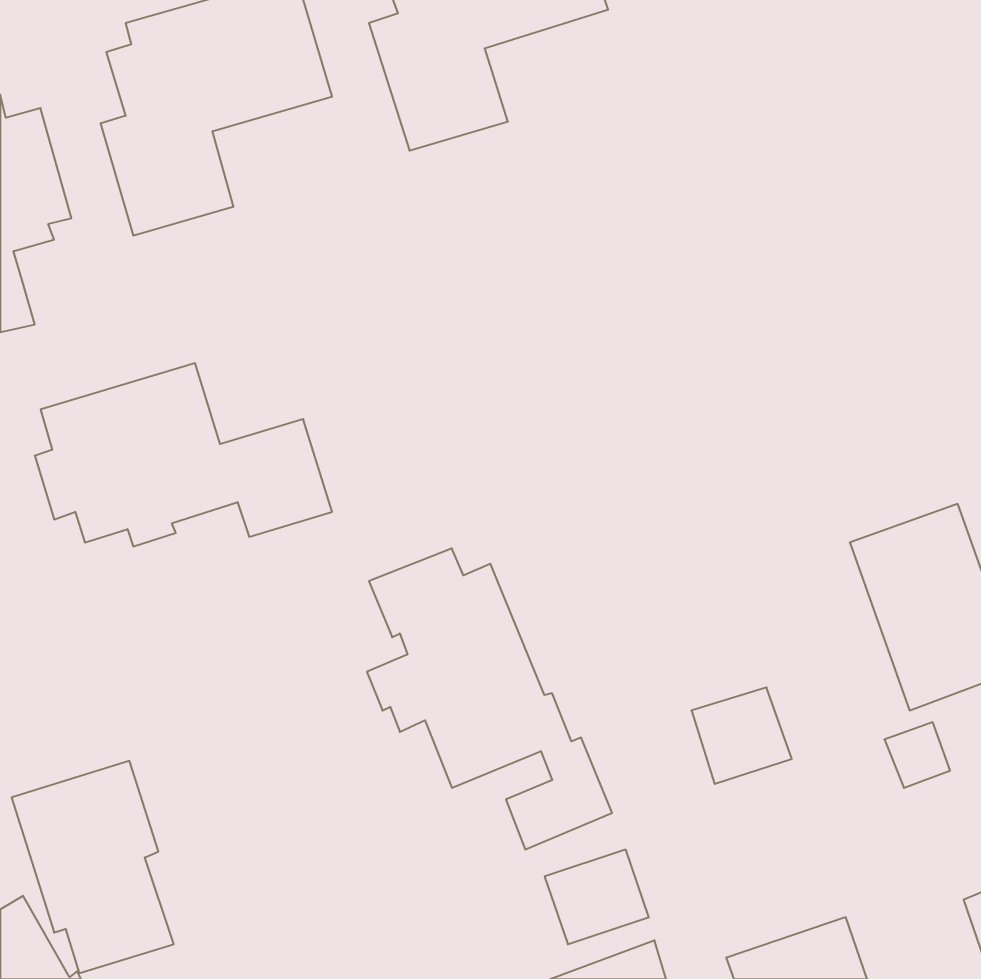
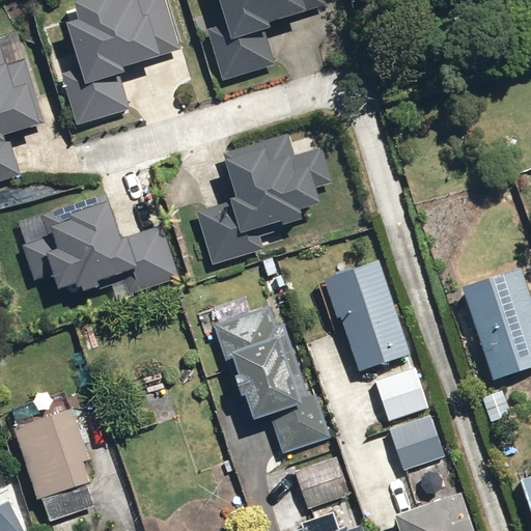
building: none -> [196,132,331,262]
building: none -> [318,264,408,371]
building: none -> [389,415,445,470]

